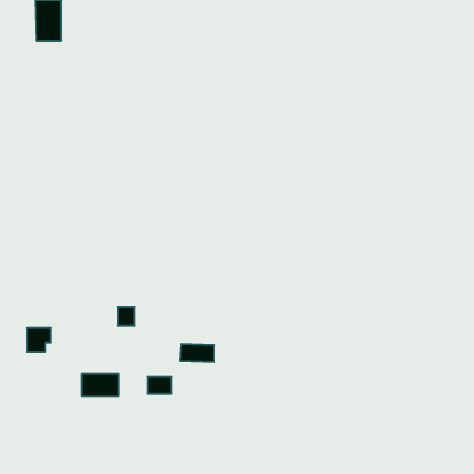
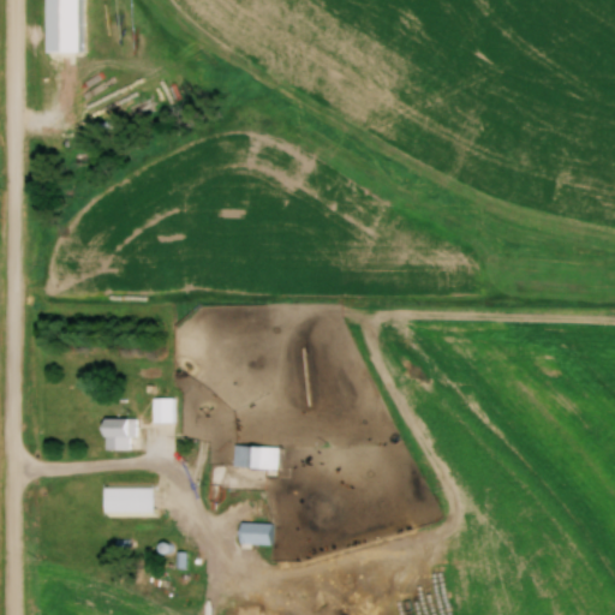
building: [27,328,51,352] -> [105,419,136,450]
building: [147,377,172,393] -> [240,523,271,544]

